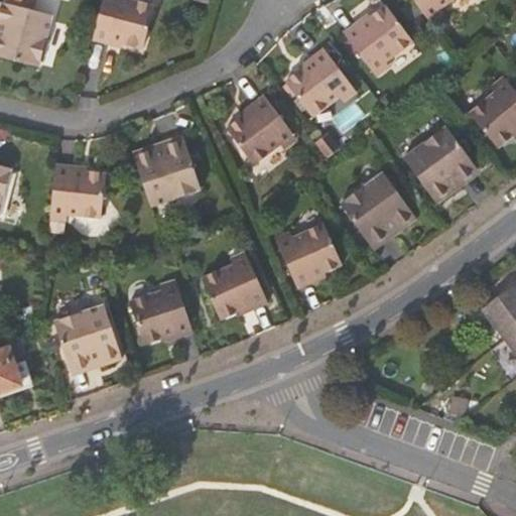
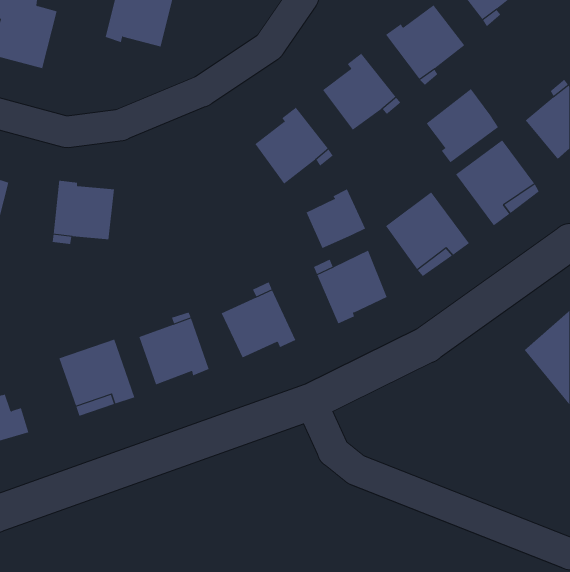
building: none -> [426,88,499,163]
building: [127,141,196,205] -> none
building: none -> [306,189,366,249]

